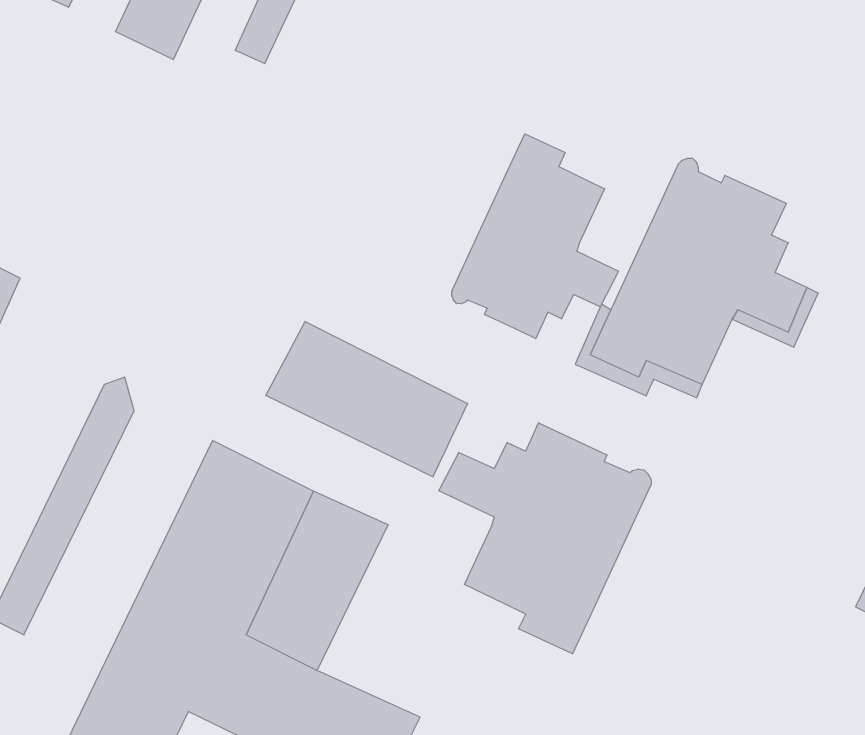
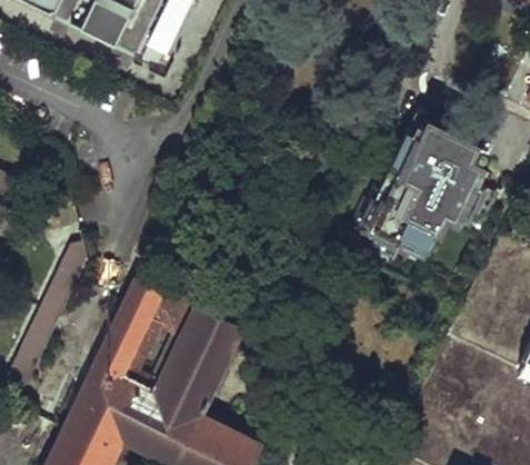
building: [452,134,618,339] -> none
building: [266,321,468,477] -> none
building: [439,423,651,654] -> none

